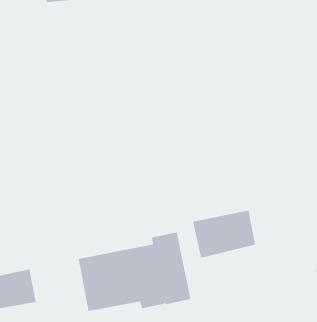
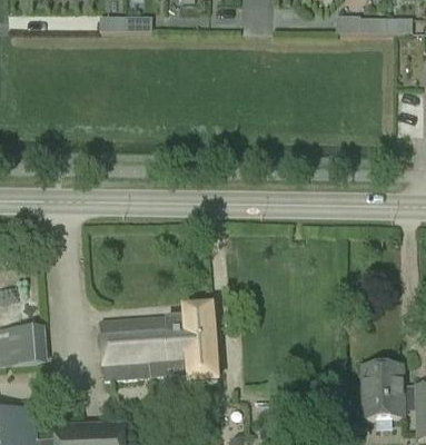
building: [192,210,256,259] -> none

